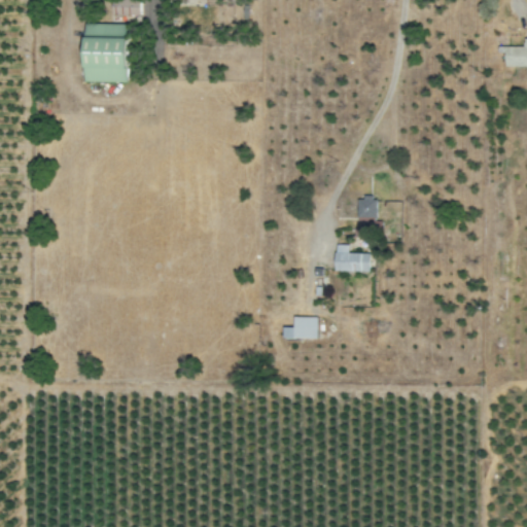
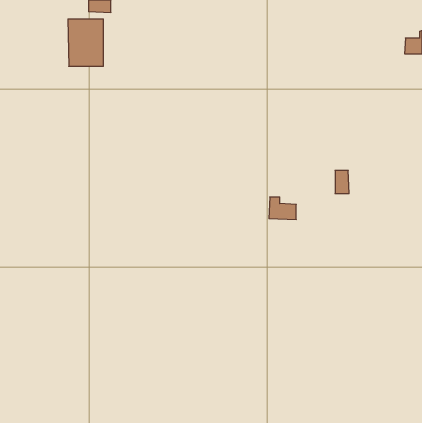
building: [358,198,376,226] -> [335,170,349,194]
building: [282,317,317,338] -> none

